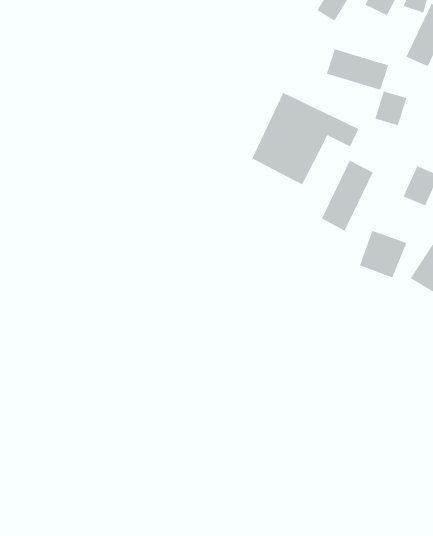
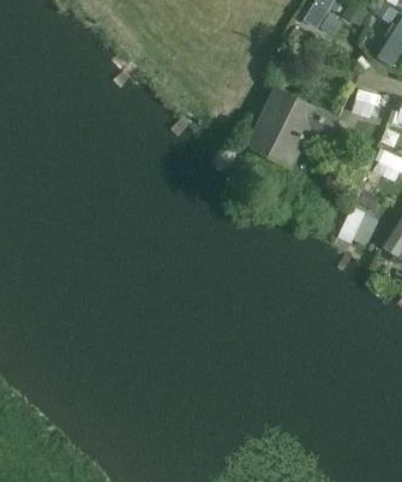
building: [326,48,389,91] -> none
building: [321,160,373,231] -> none

